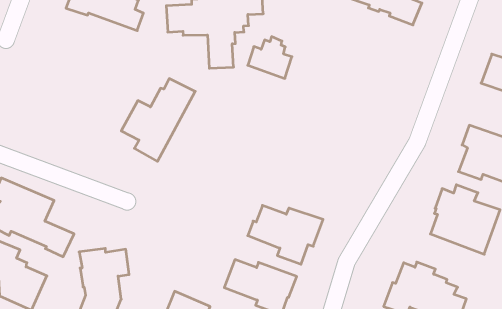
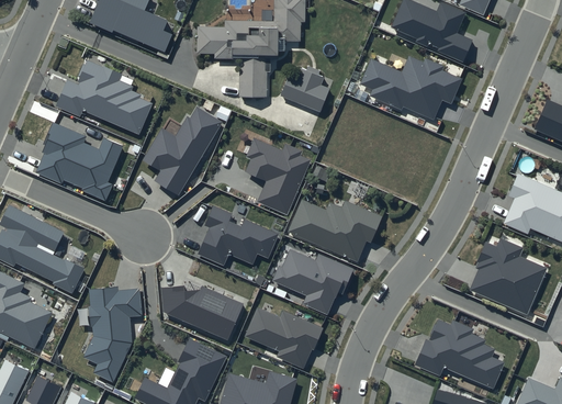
building: none -> [360,56,462,120]
building: none -> [55,60,153,135]
building: none -> [36,122,123,200]
building: none -> [245,138,312,215]
building: none -> [288,199,382,262]
building: none -> [198,205,279,266]
building: none -> [161,285,244,340]

